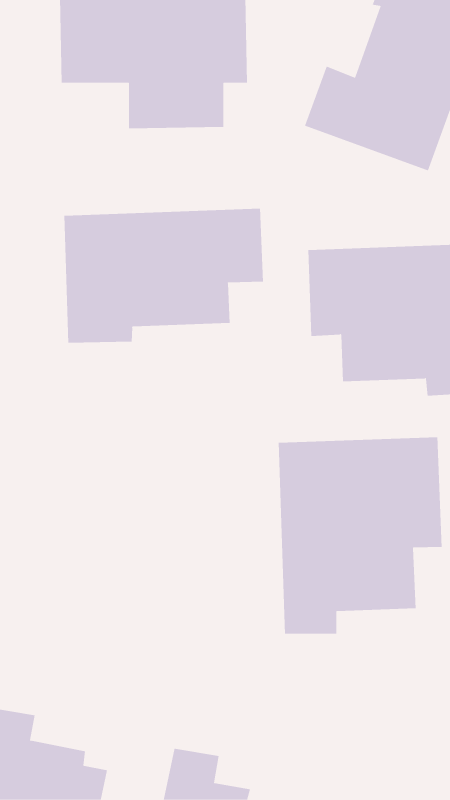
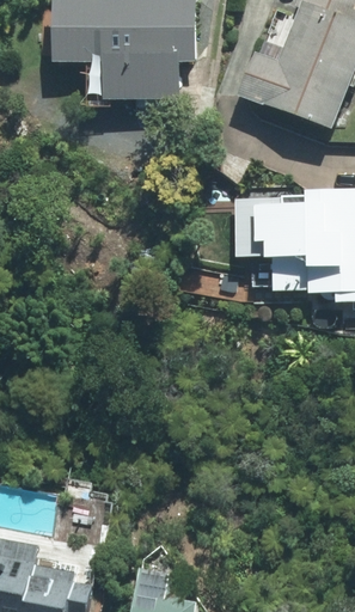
building: [64,208,263,344] -> none
building: [278,436,442,635] -> none

